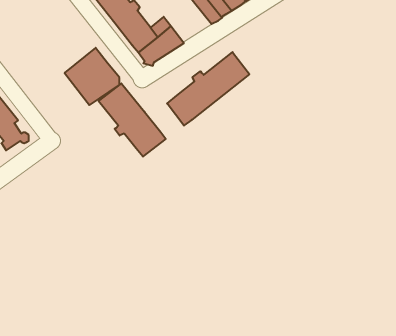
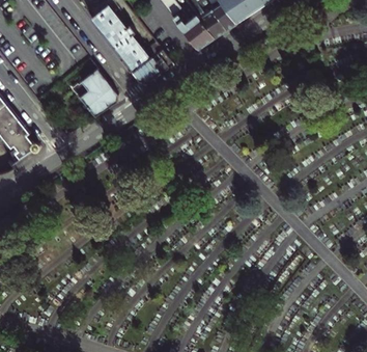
building: [167,52,249,126] -> none
building: [99,83,166,157] -> none

